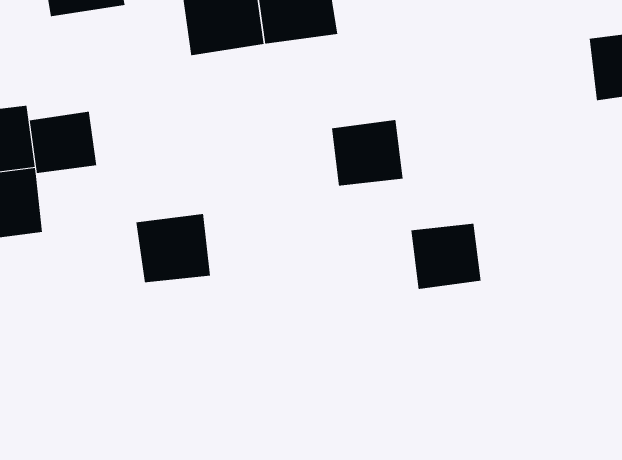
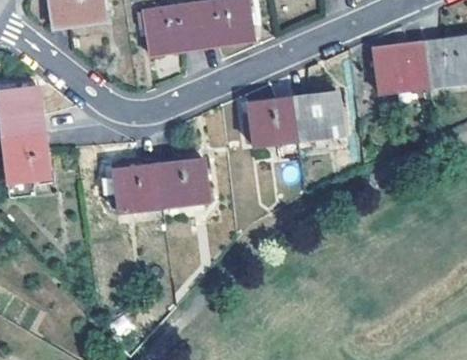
building: none -> [374,42,431,91]
building: [29,111,97,174] -> none
building: none -> [160,159,208,206]
building: [410,223,481,290] -> [293,93,342,139]

